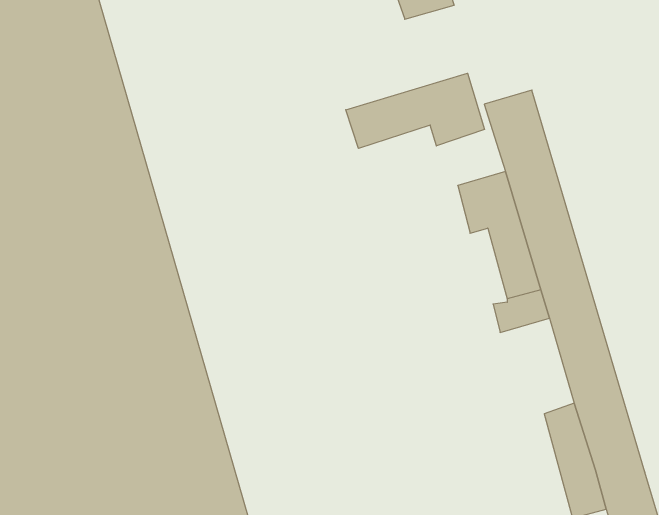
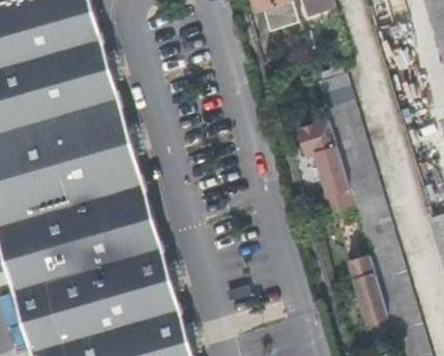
building: [346,73,484,148] -> none

